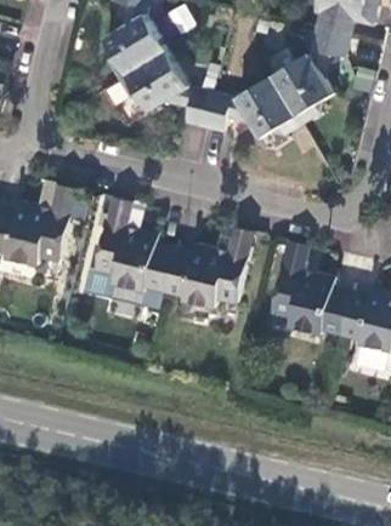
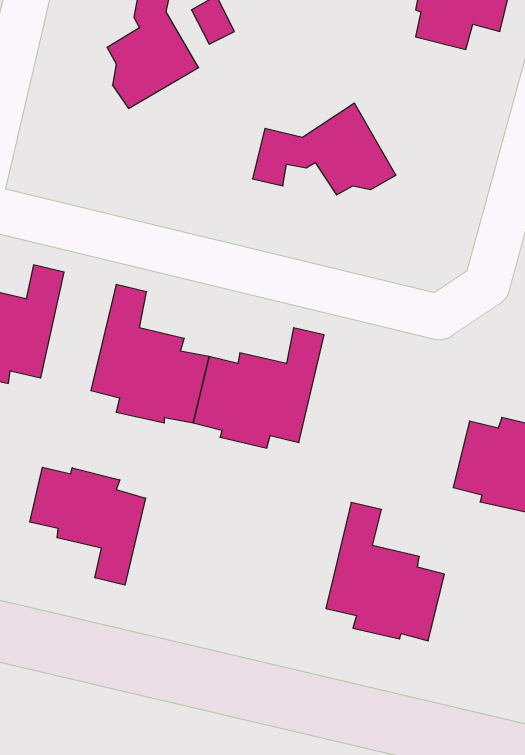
building: [273,30,348,124] -> none
building: [120,51,212,126] -> none
building: [271,241,351,335] -> [326,502,444,641]
building: none -> [30,467,146,585]

